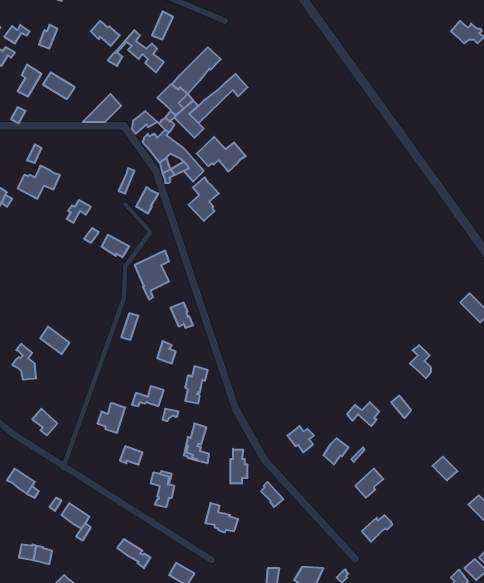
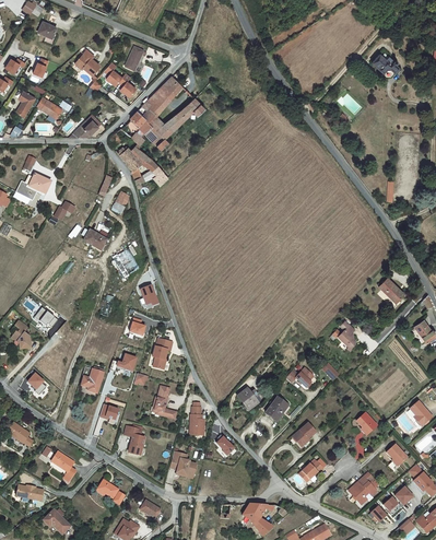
building: [197,137,246,172] -> none
building: [188,177,219,221] -> none
building: none -> [350,473,379,505]

